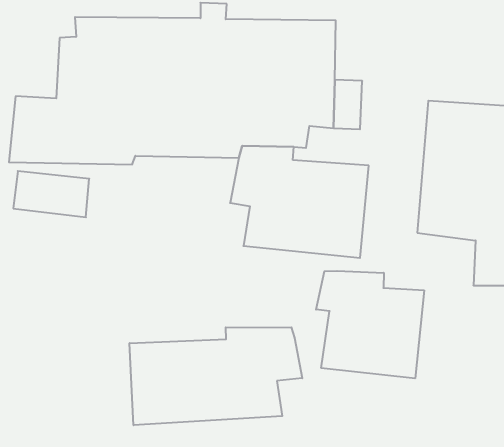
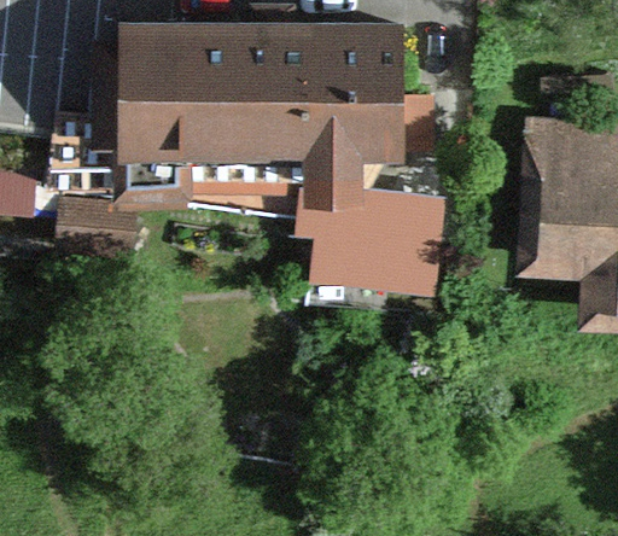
building: [316,271,424,378] -> none
building: [130,327,302,425] -> none

